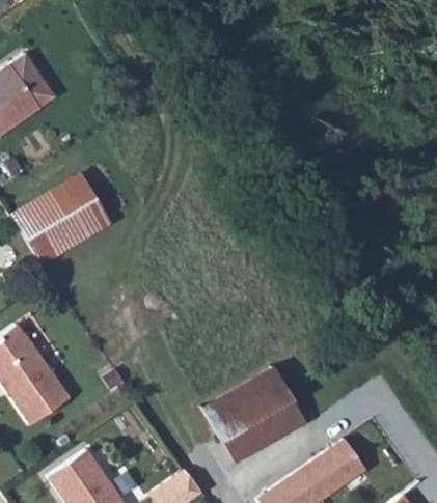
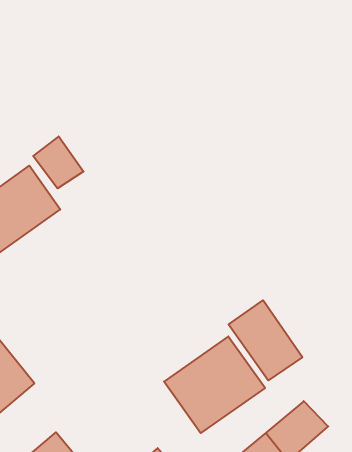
building: none -> [33,136,84,188]
building: none -> [229,300,302,380]

